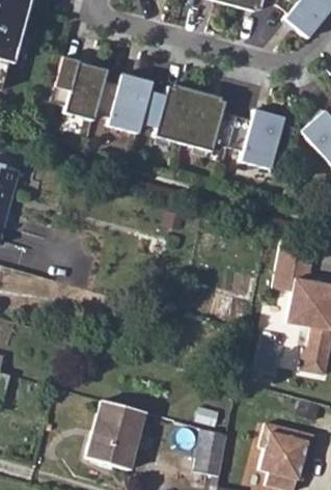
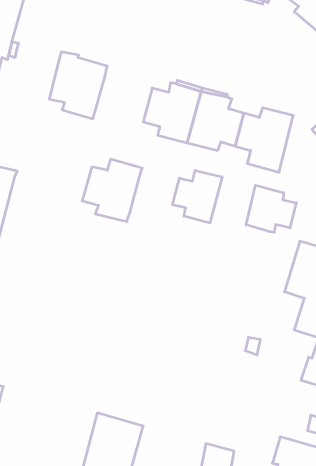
building: [96,74,154,133] -> [82,159,142,222]
building: none -> [173,170,222,223]
building: none -> [246,185,296,232]

